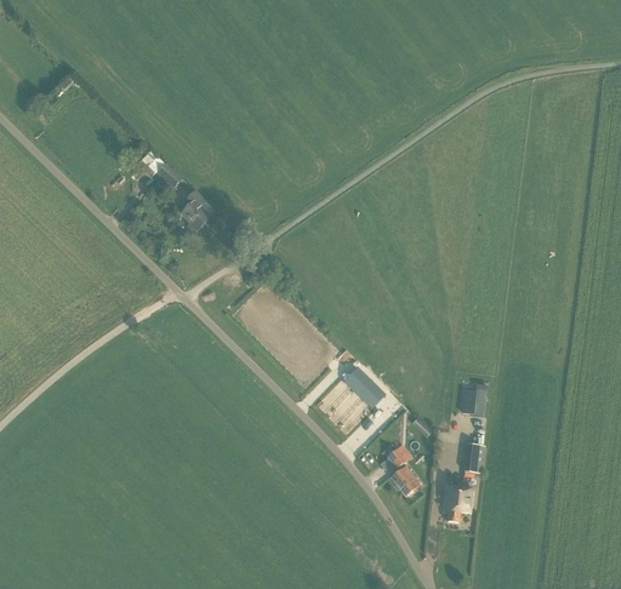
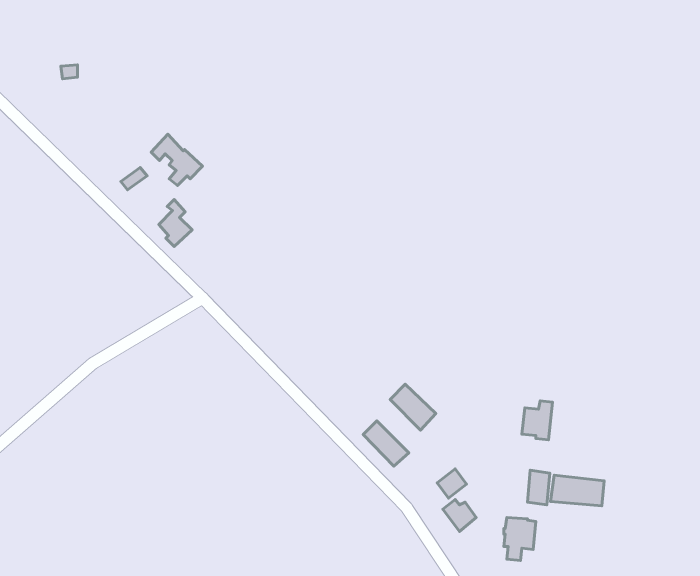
building: [181,190,210,231] -> [159,199,192,247]
building: none -> [363,421,409,466]
building: none -> [551,475,604,506]

